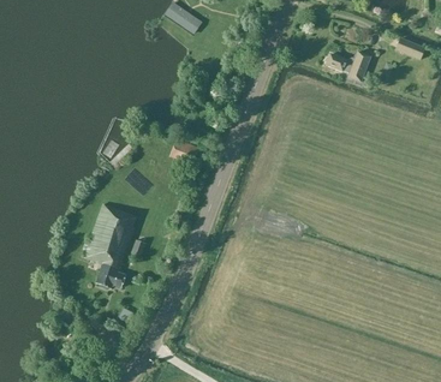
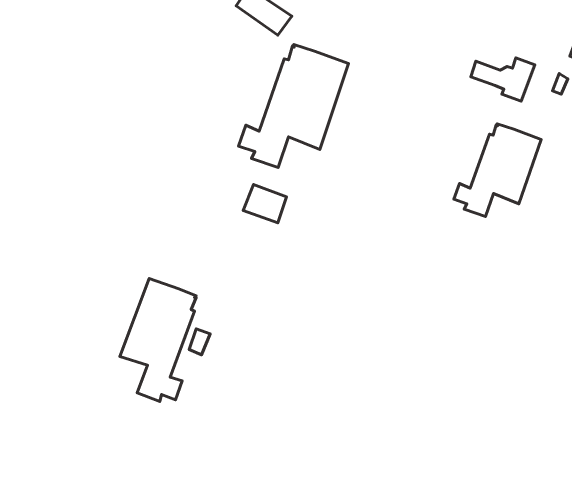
building: none -> [238,45,349,167]
building: none -> [454,124,541,216]

